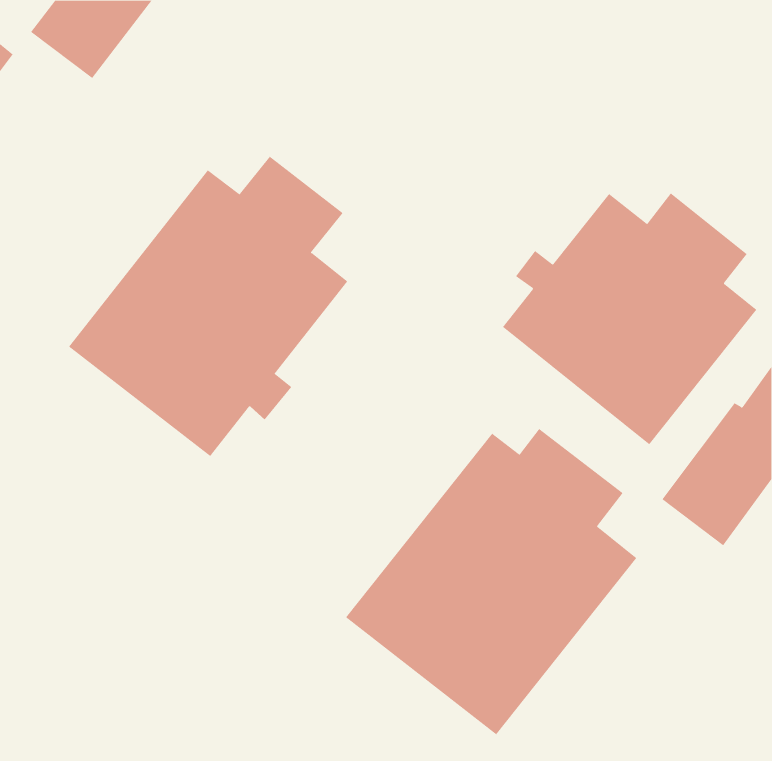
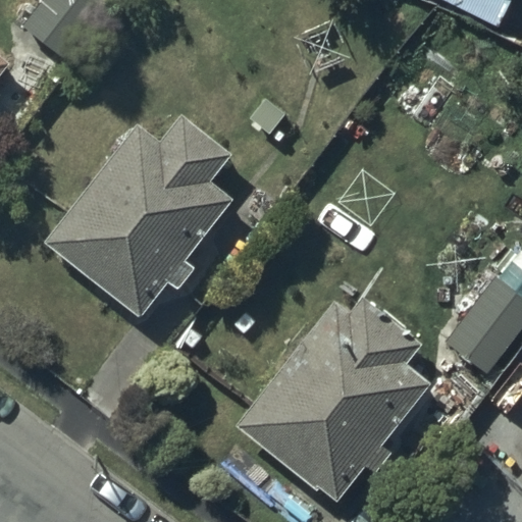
building: [502,192,757,445] -> none

